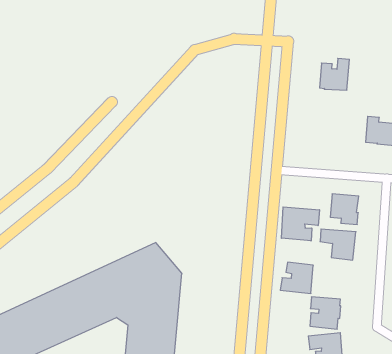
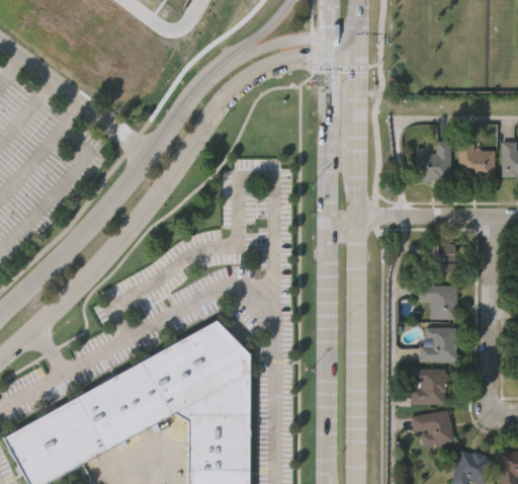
building: [320,58,349,90] -> [417,142,450,180]
building: [281,207,319,241] -> none
building: [280,262,313,293] -> [419,328,456,364]

